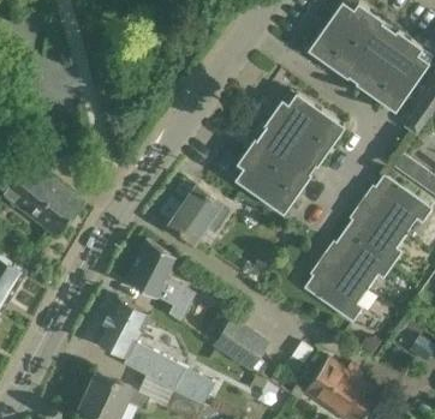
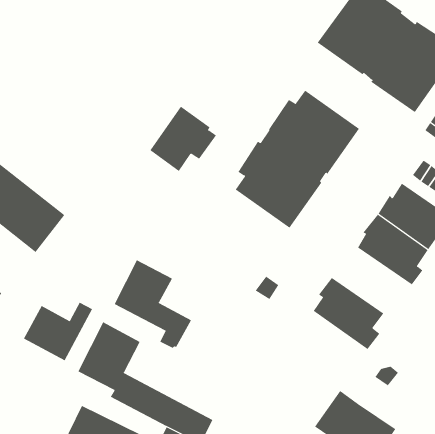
building: [168,185,228,244] -> [150,106,217,172]
building: [320,231,392,289] -> none
building: none -> [23,302,93,361]
building: [203,312,269,376] -> none

